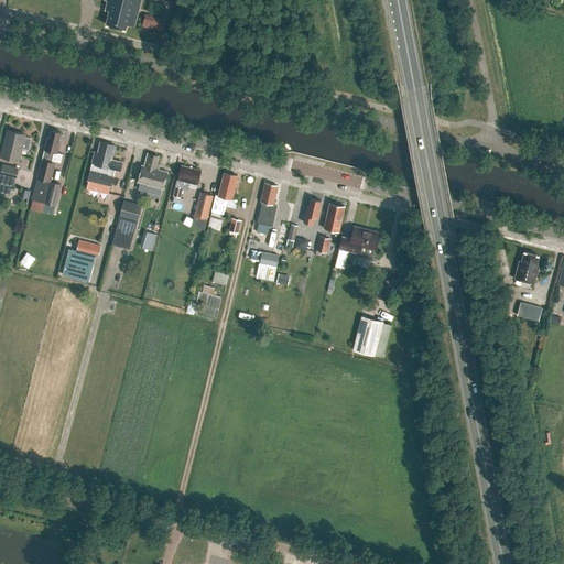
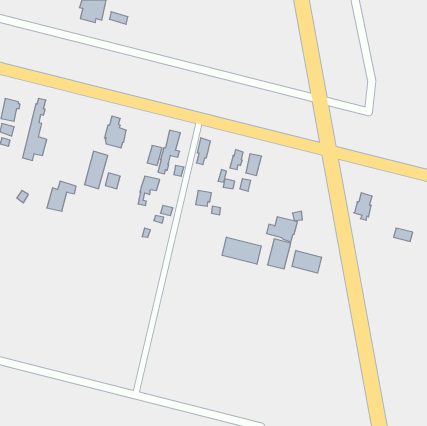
building: [86,143,122,194] -> none
building: [173,166,202,205] -> [138,176,160,206]
building: [339,227,380,260] -> [266,217,297,242]
building: [514,252,539,289] -> [354,193,372,220]
building: none -> [222,237,261,264]
building: none -> [292,250,321,273]

